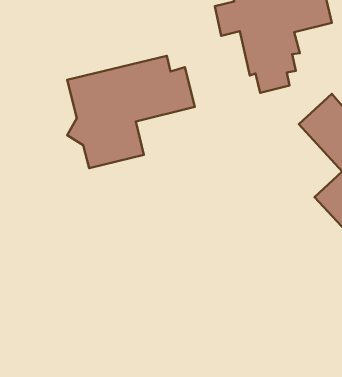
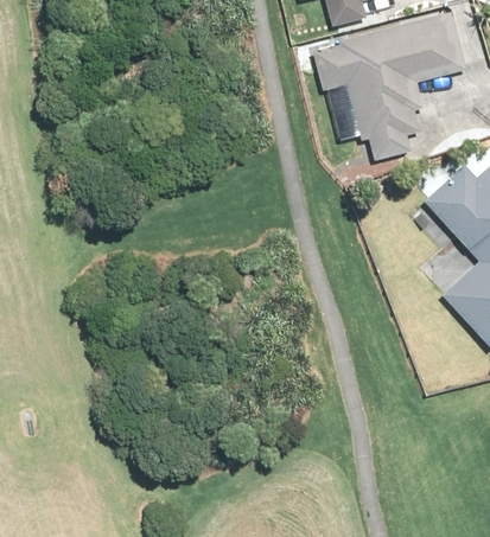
building: [67,56,195,168] -> none

